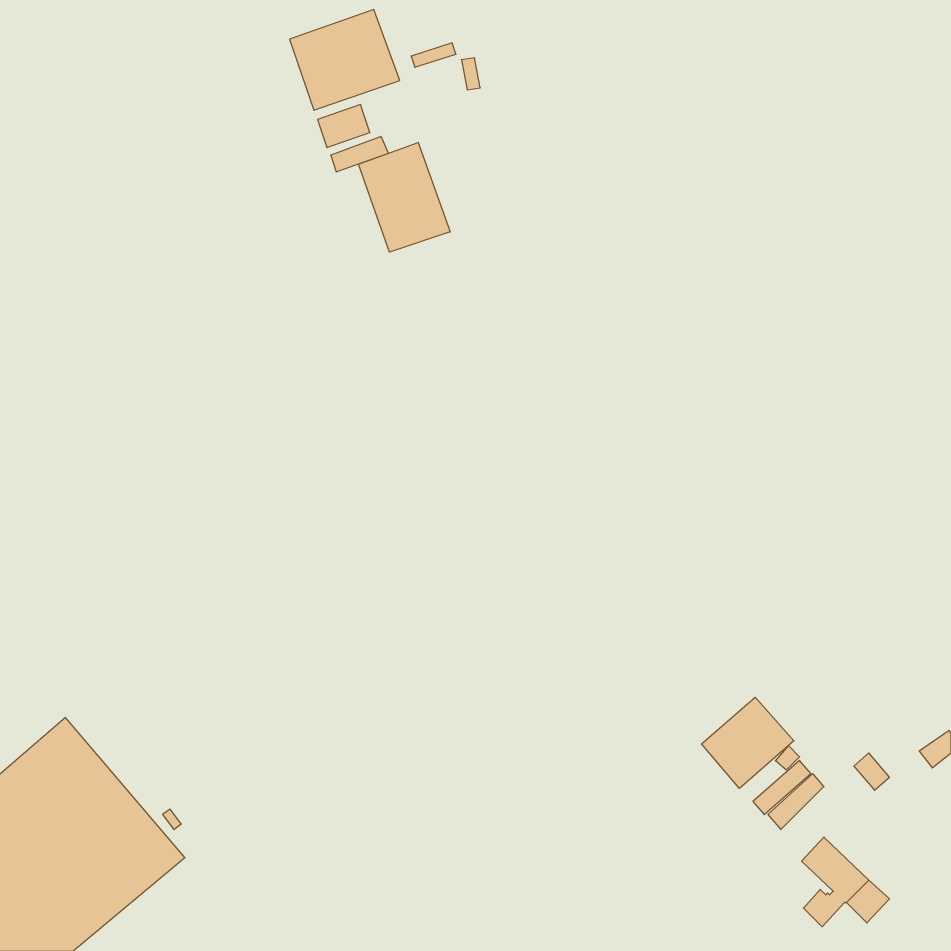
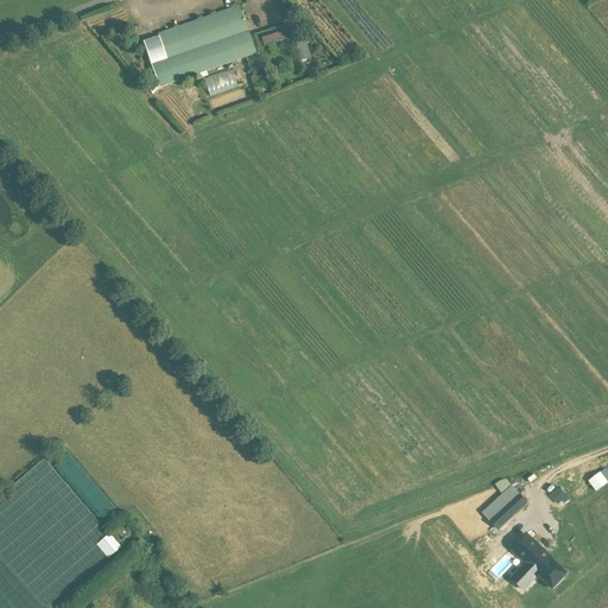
building: none -> [142,25,200,84]
building: [359,142,450,252] -> none
building: [702,697,794,788] -> none

